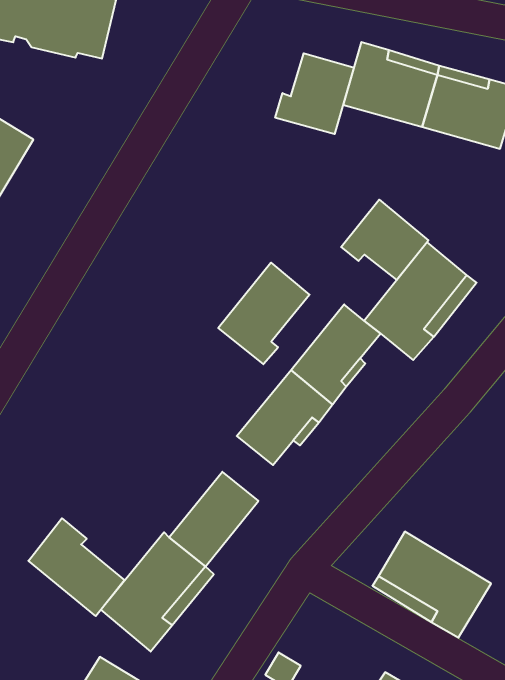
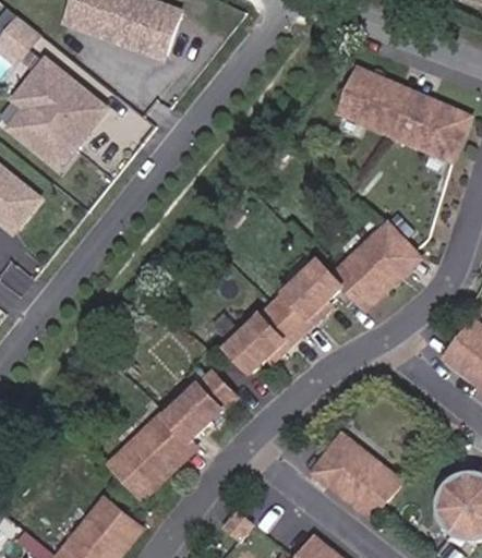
building: [275,53,354,134] -> none
building: [341,200,428,280] -> none
building: [218,263,310,364] -> none
building: [28,518,124,616] -> none

